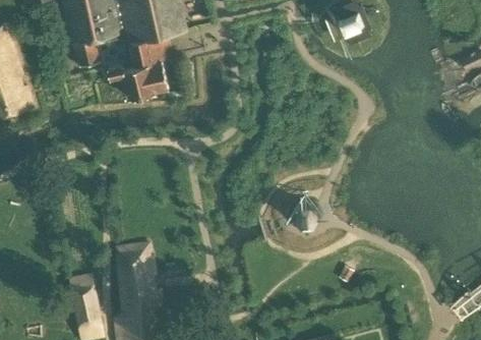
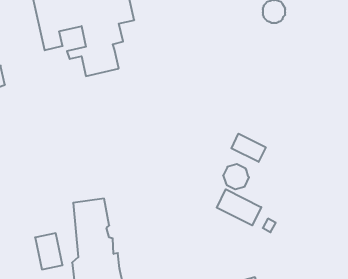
building: none -> [231,134,266,162]
building: none -> [217,189,261,225]

